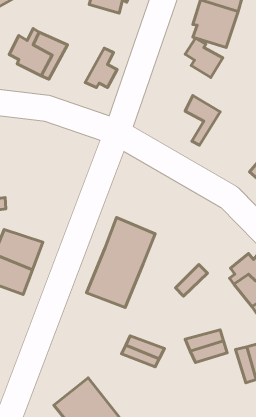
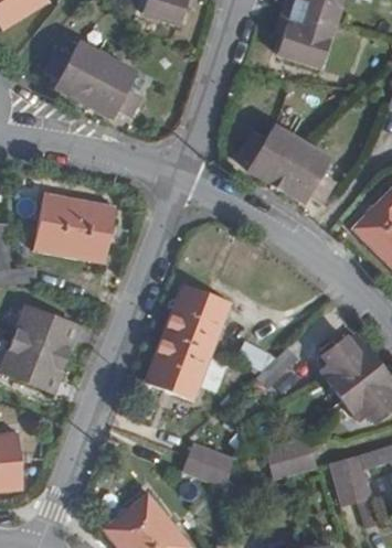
building: [185,38,223,77] -> [243,138,292,189]
building: [85,48,117,88] -> [92,65,133,116]
building: none -> [286,151,335,206]
building: none -> [35,195,114,264]

